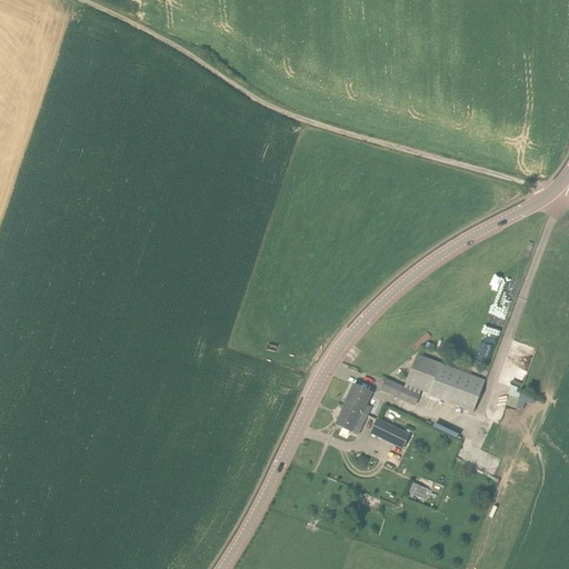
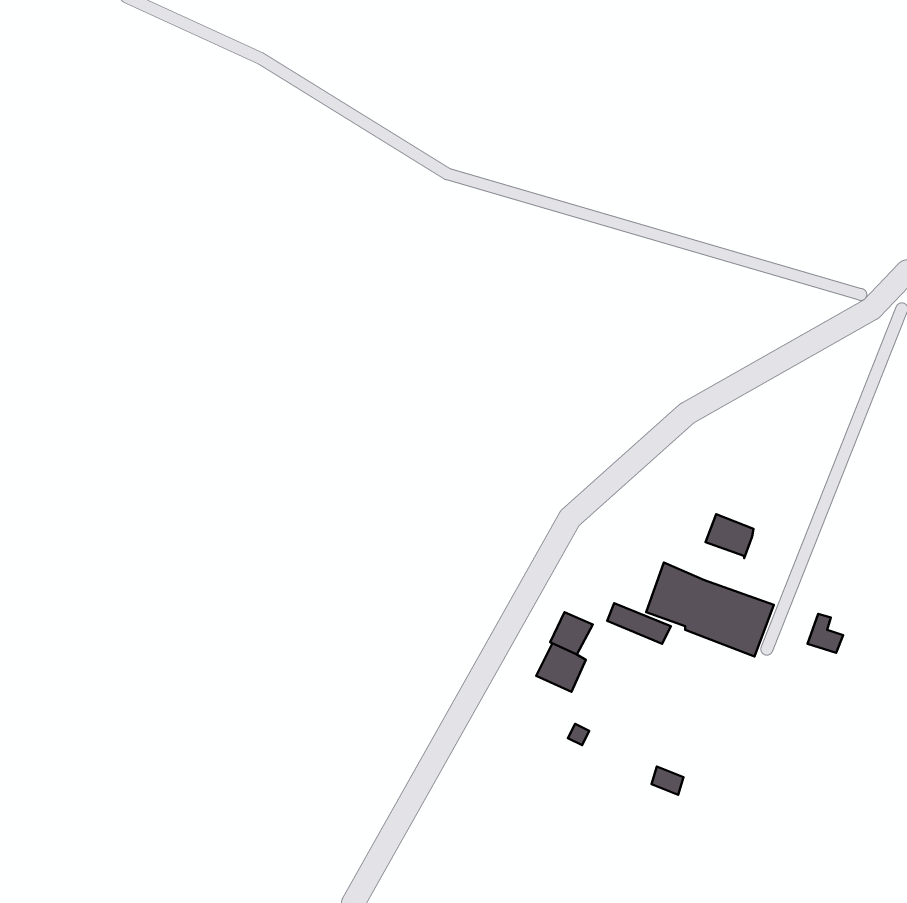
building: none -> [705,514,754,558]
building: [370,418,409,448] -> none

